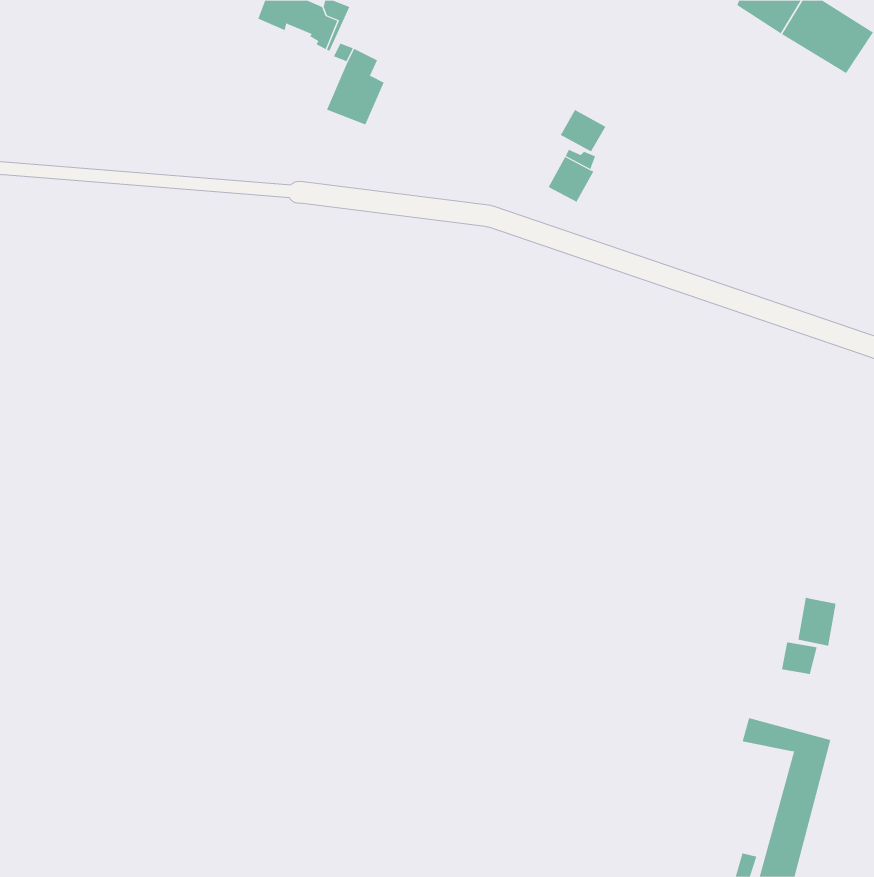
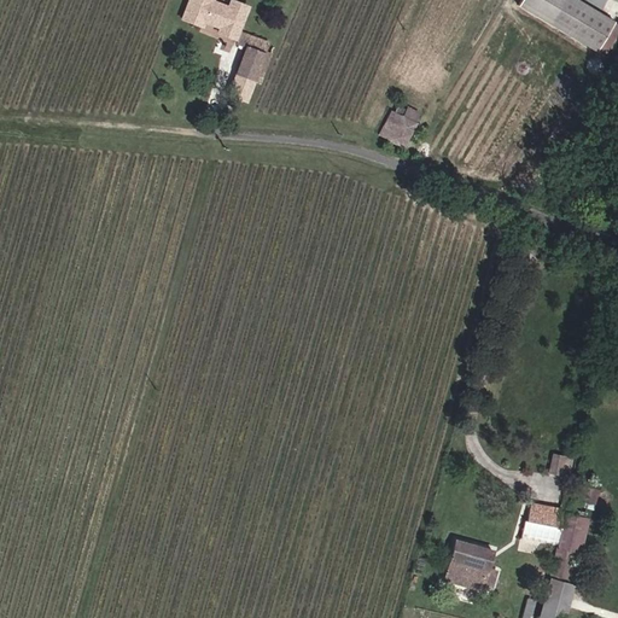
building: [560,109,606,152] -> none
building: [798,597,836,646] -> none
building: none -> [449,538,507,587]

